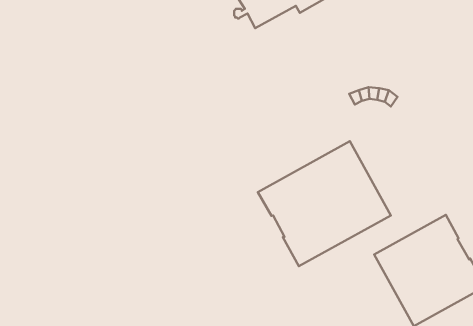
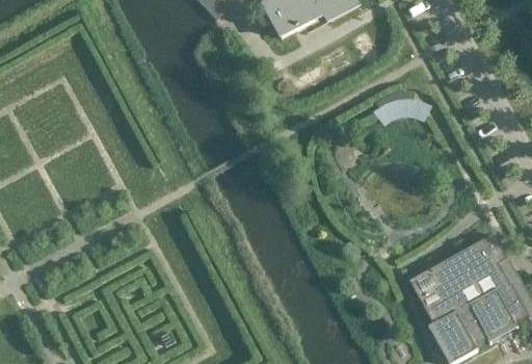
building: [258,141,391,266] -> none

